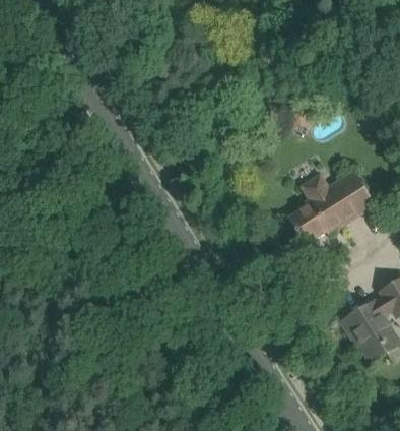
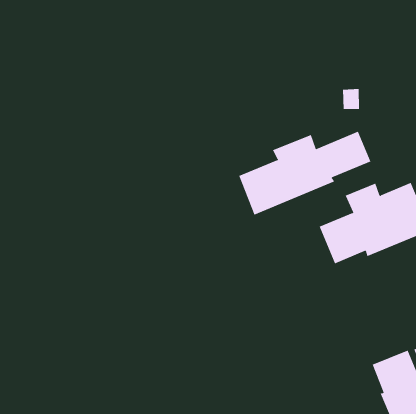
building: none -> [238,131,371,215]

